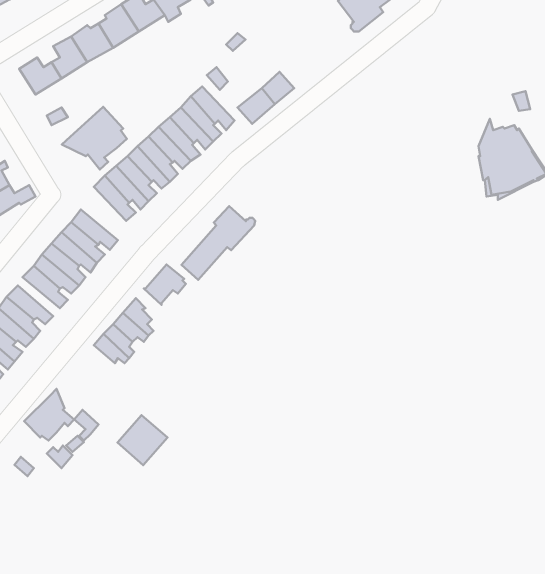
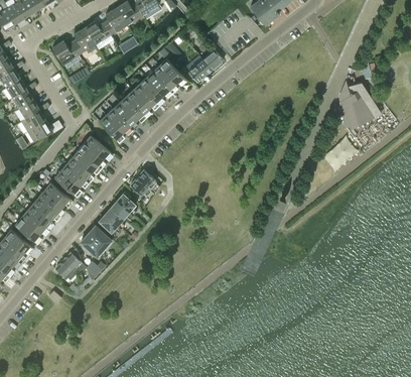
building: [62,107,127,169] -> none
building: [181,206,255,280] -> none
building: [117,415,167,465] -> [80,225,111,256]

